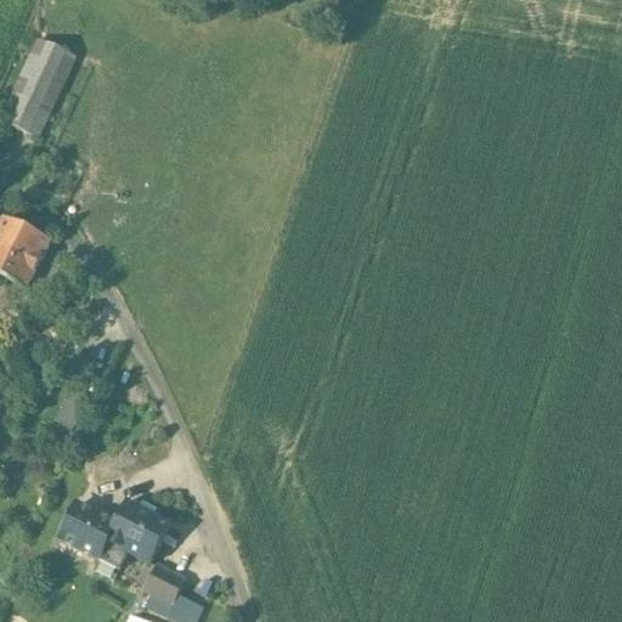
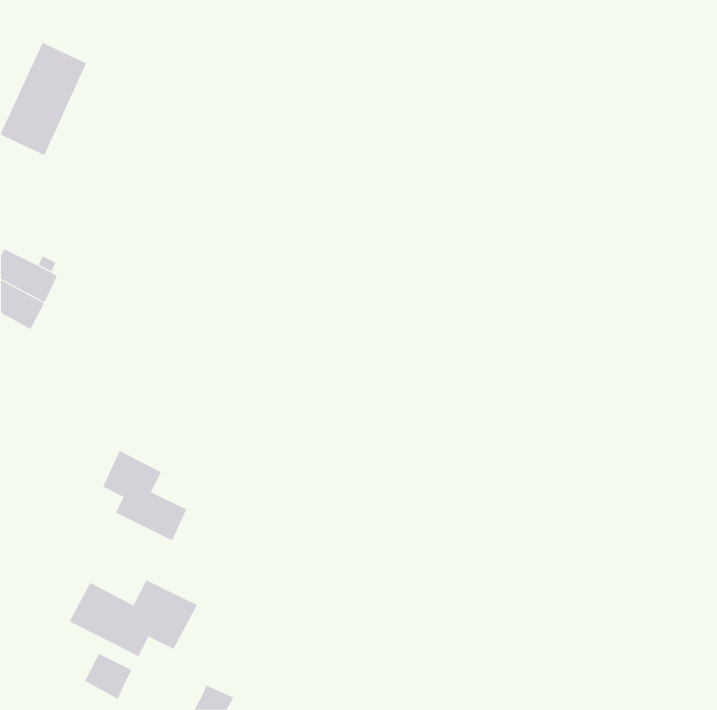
building: none -> [102,450,187,541]
building: [145,564,186,604] -> [85,653,132,699]

